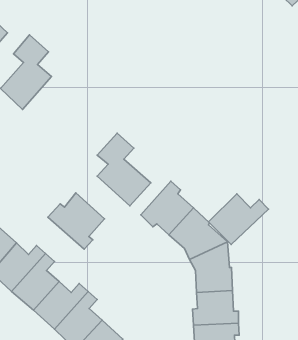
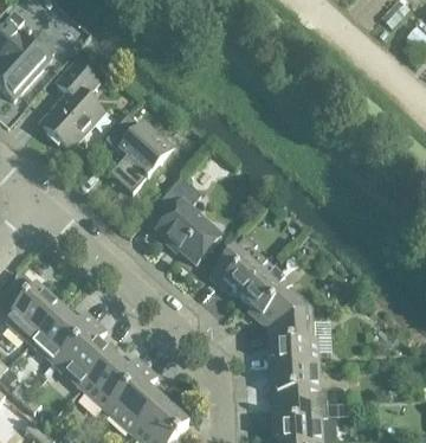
building: none -> [104,115,167,194]
building: [48,193,104,249] -> none
building: [208,194,268,244] -> none

